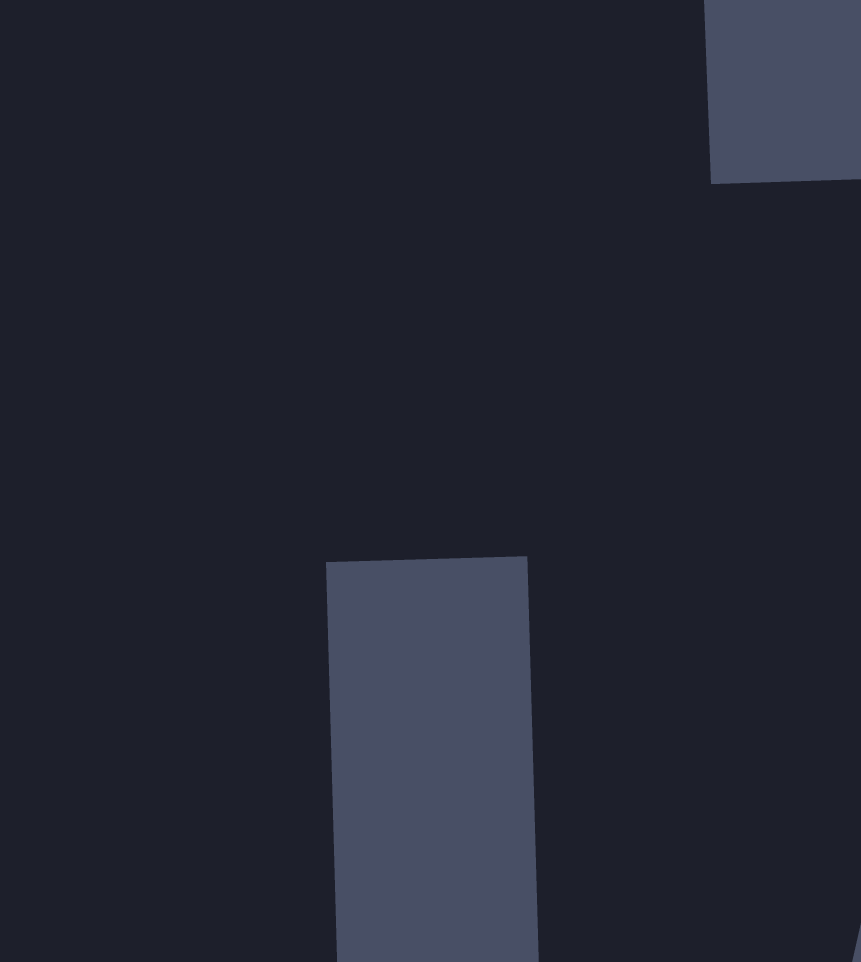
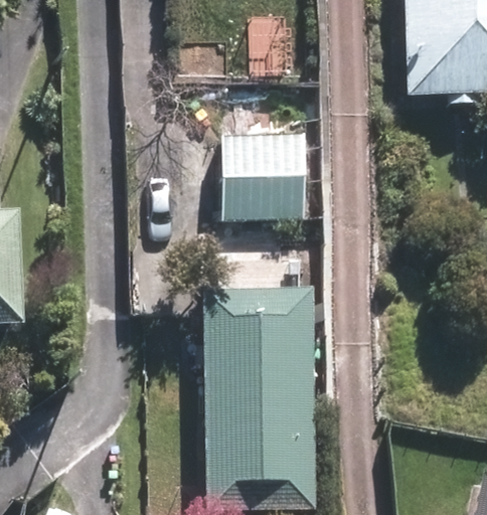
building: none -> [219,133,309,219]

